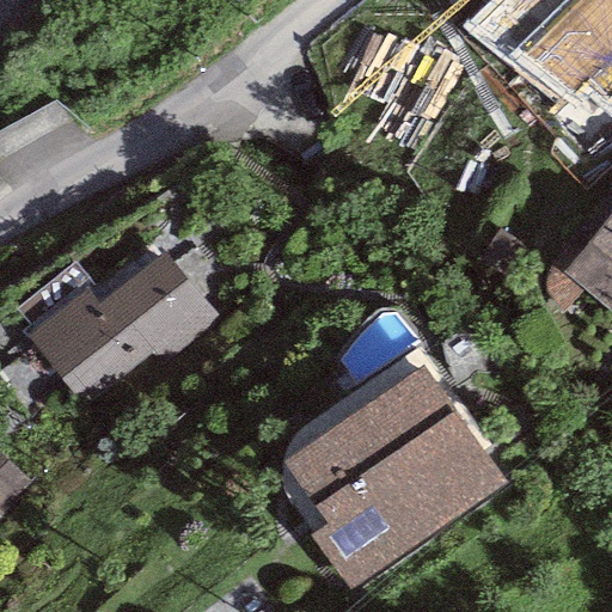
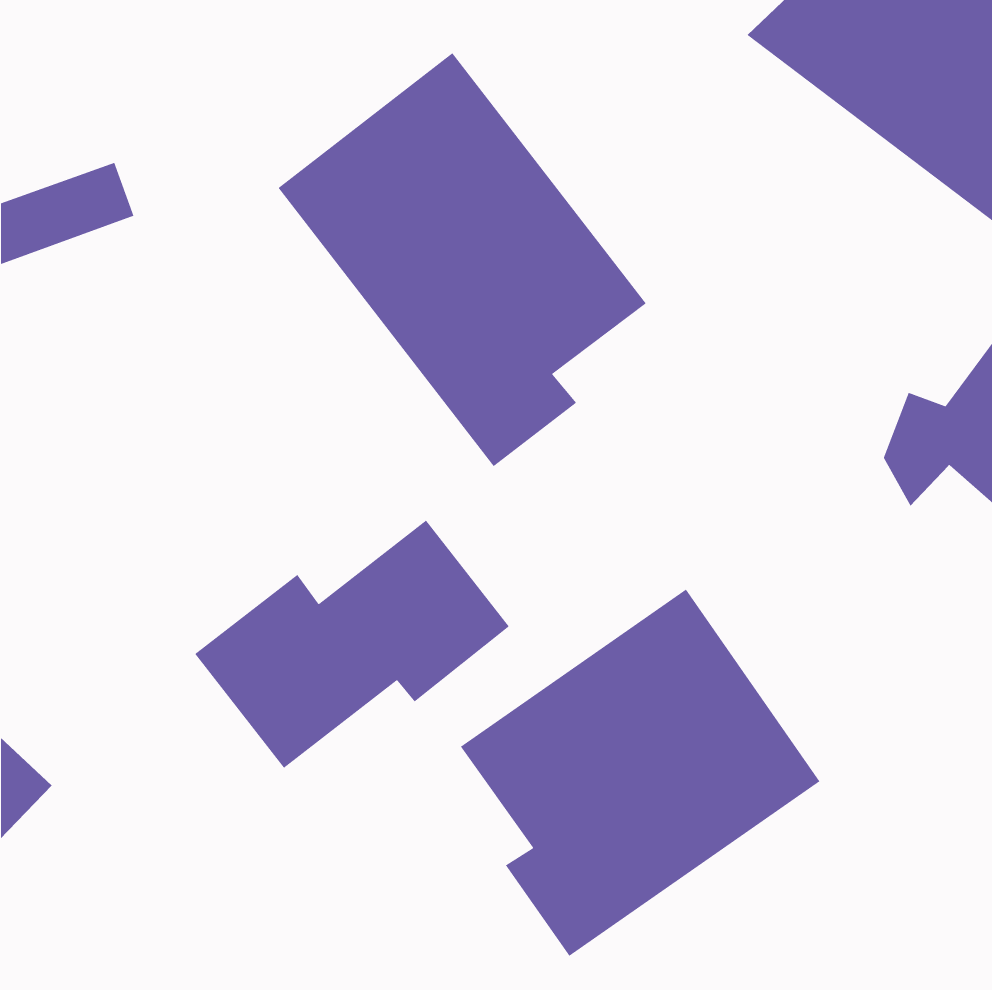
building: none -> [277,52,647,467]
building: [26,249,220,402] -> [194,519,510,769]

